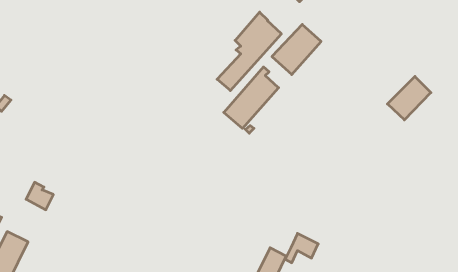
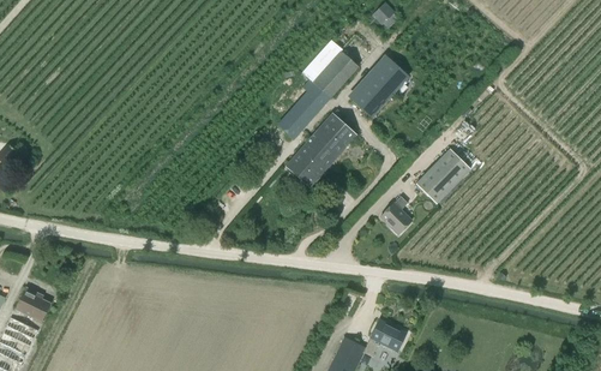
building: [387,76,431,120] -> [415,148,470,203]
building: none -> [380,197,411,235]
building: [26,182,53,210] -> [16,287,50,322]

